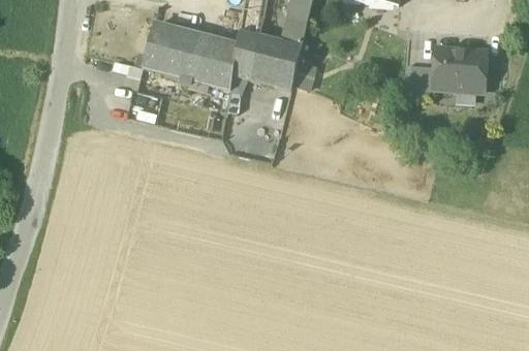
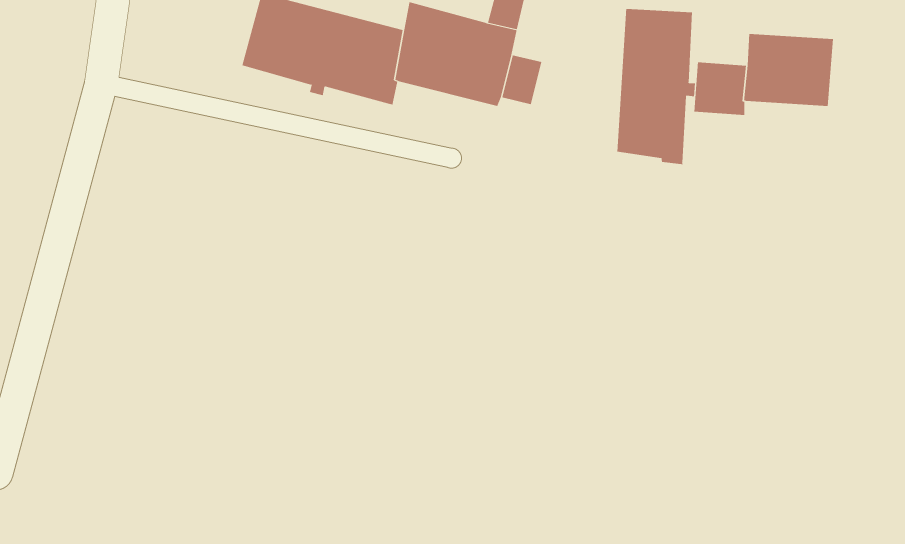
building: none -> [617,8,696,165]

